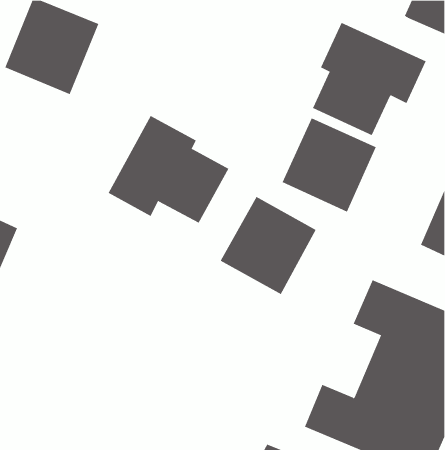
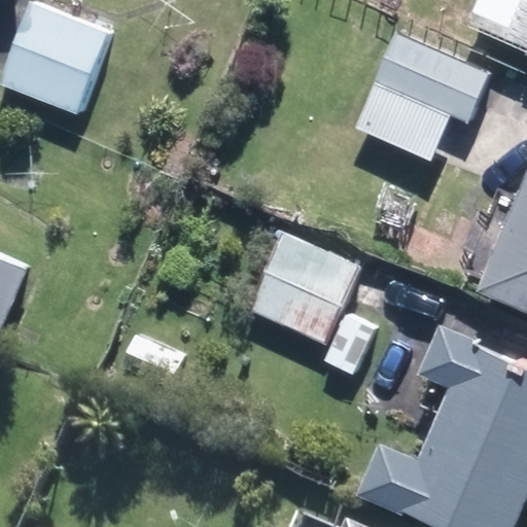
building: [108,115,229,224] -> none
building: [282,117,376,212] -> none

